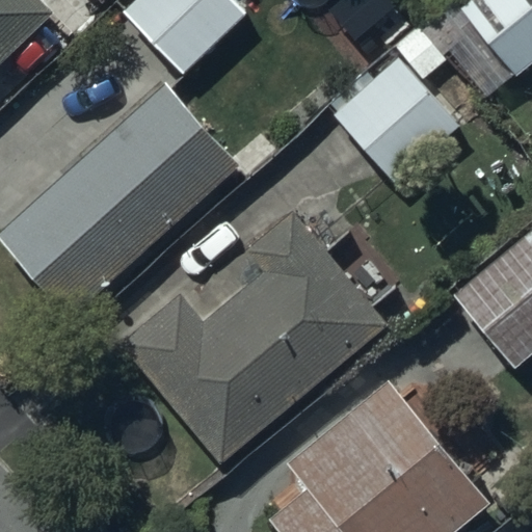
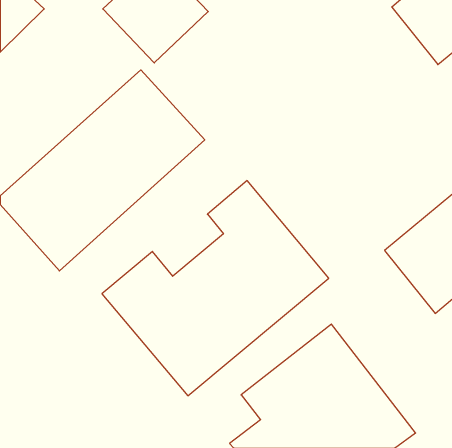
building: [334,25,464,182] -> none

